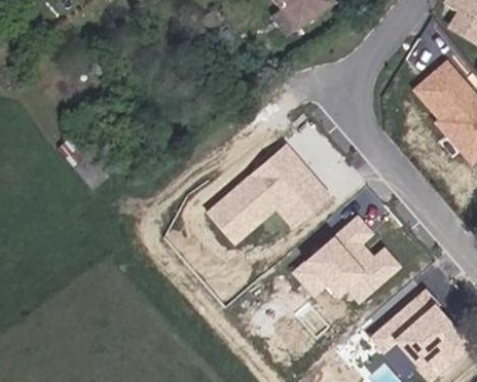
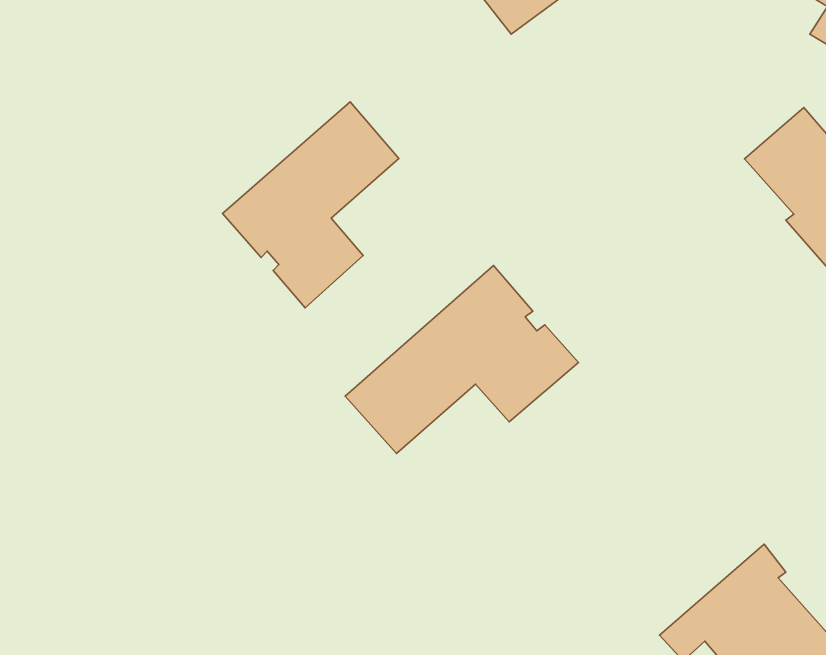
building: none -> [222,102,399,308]
building: [294,218,400,302] -> none

